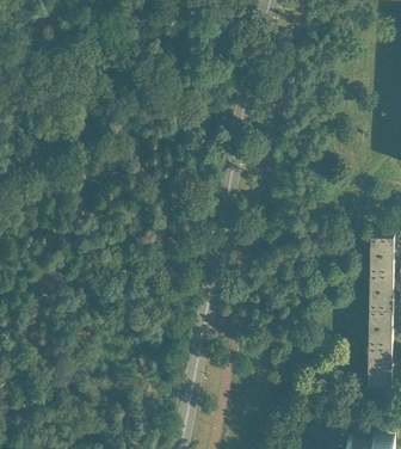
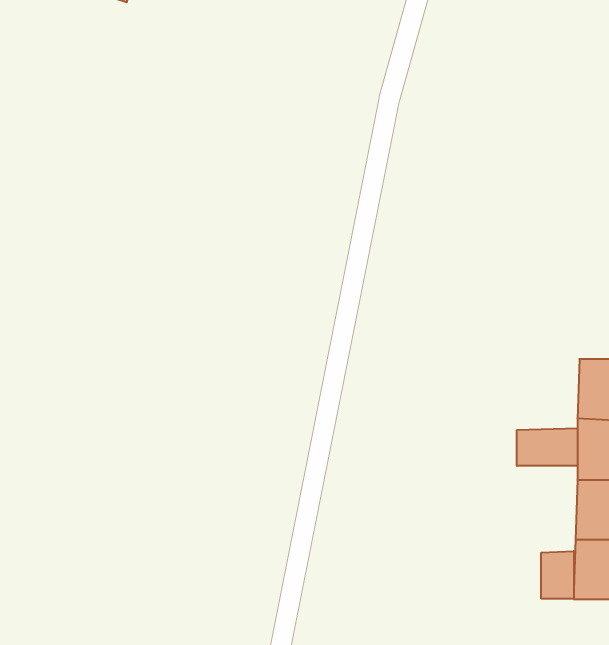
building: none -> [517,428,577,466]
building: none -> [541,551,574,599]

